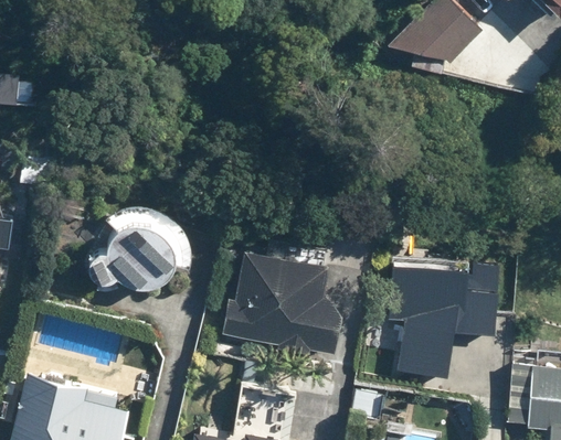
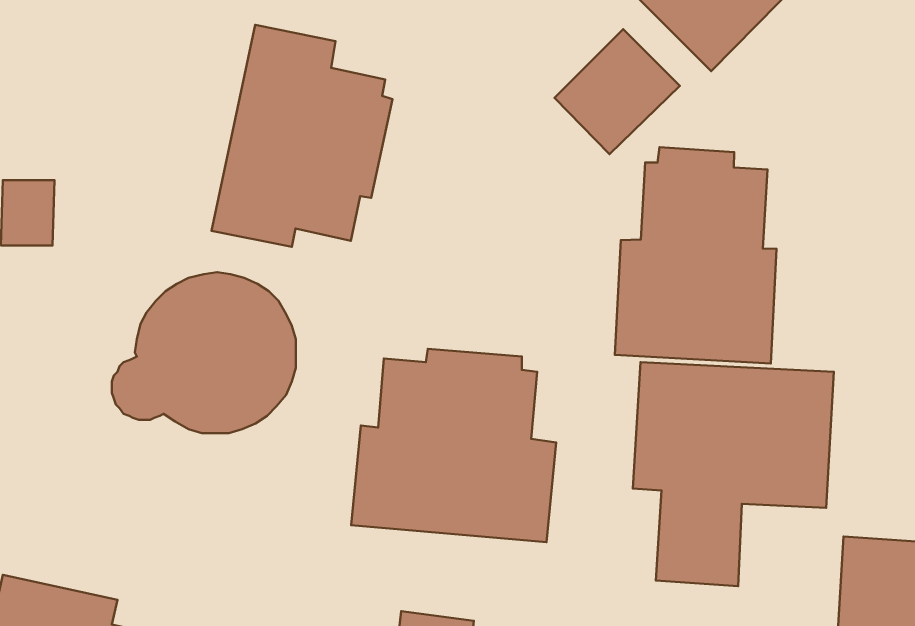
building: none -> [211,25,392,247]
building: none -> [555,29,680,154]
building: none -> [615,147,777,364]

